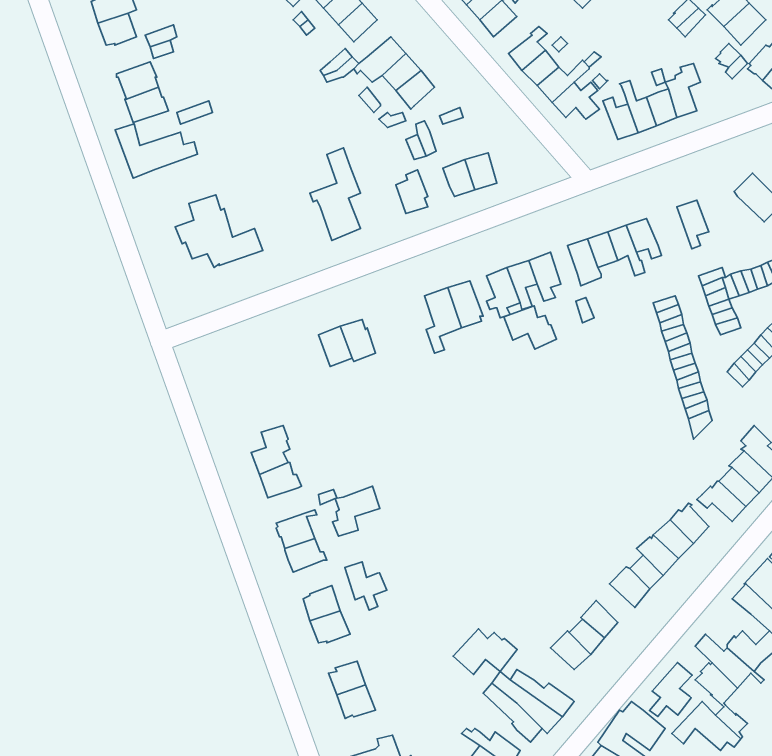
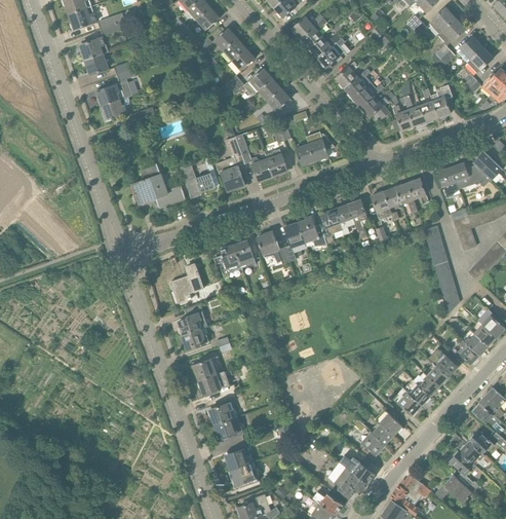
building: [115,124,197,178] -> none
building: none -> [239,144,273,181]
building: none -> [451,162,491,190]
building: none -> [181,163,216,194]
building: none -> [258,230,290,264]
building: [504,306,556,349] -> none
building: none -> [170,264,204,302]
building: [333,486,380,536] -> none
building: [345,562,387,610] -> none
building: [453,629,517,674] -> none
building: [650,663,692,717] -> none

